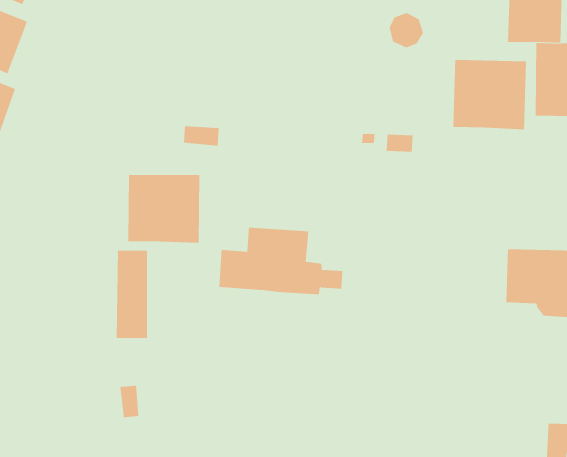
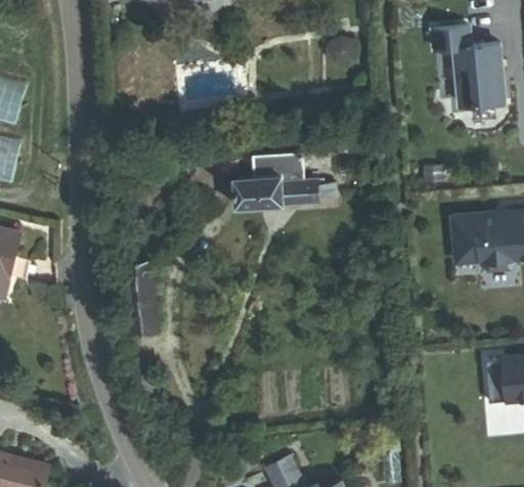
building: [453,59,527,130] -> none
building: [128,174,200,244] -> none
building: [219,227,343,295] -> [231,150,337,207]

